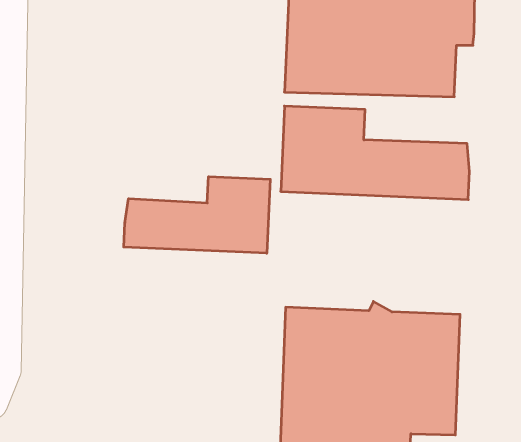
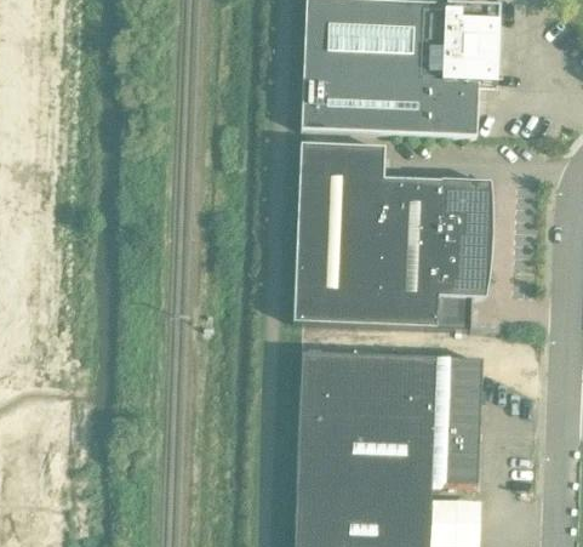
building: [124,177,270,253] -> none
building: none -> [293,232,491,329]

